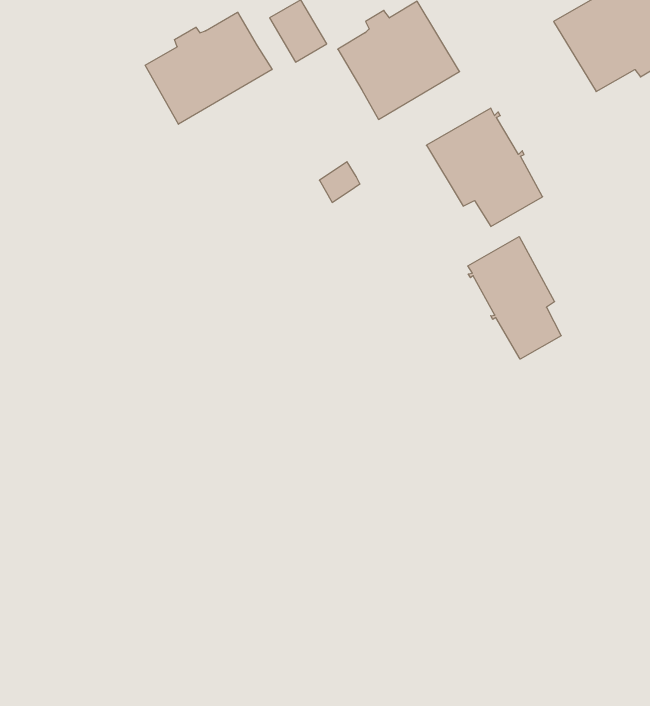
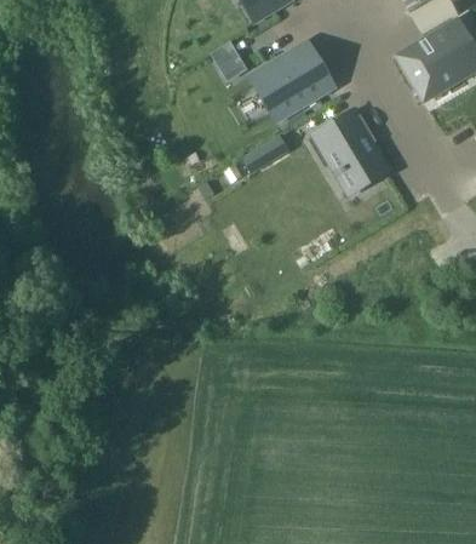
building: [145,12,272,124] -> none
building: [468,237,561,359] -> none

